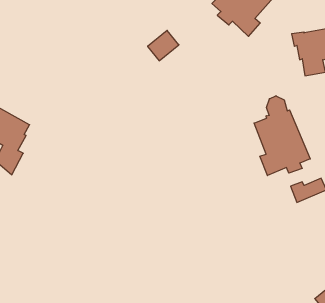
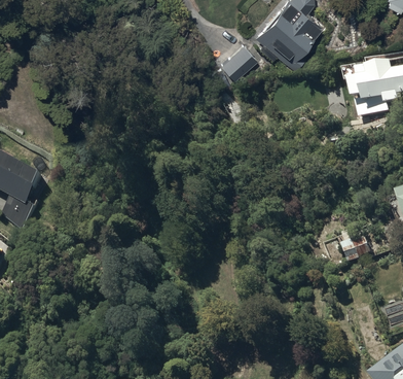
building: [148,30,179,61] -> [220,43,256,78]
building: [254,96,310,176] -> none

